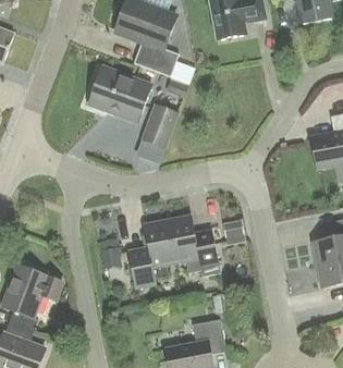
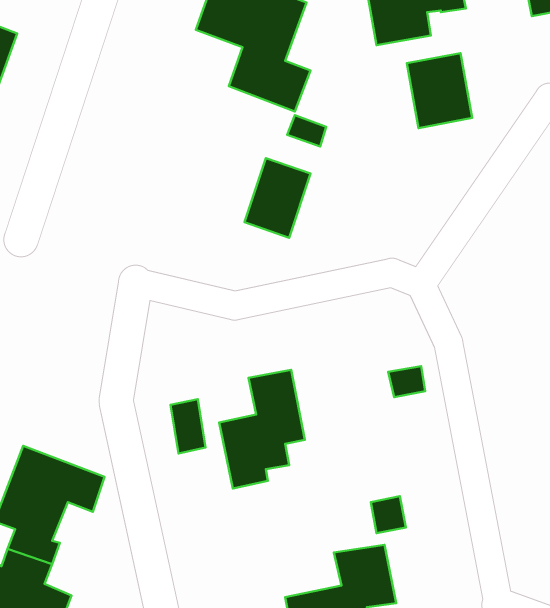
building: none -> [407,53,472,128]
building: [88,66,151,121] -> none
building: [168,217,220,275] -> none

